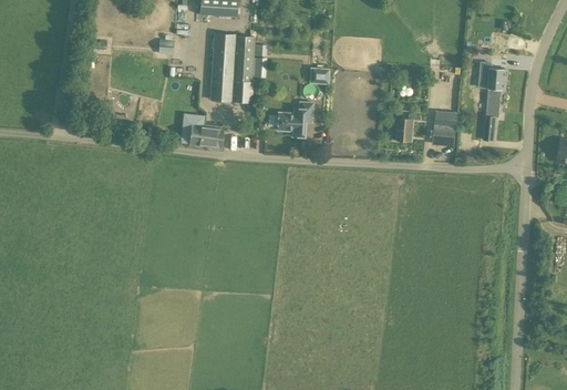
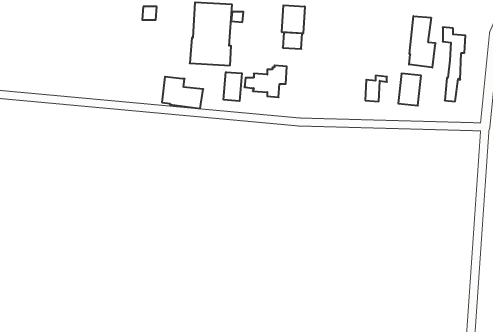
building: none -> [282,5,305,33]
building: none -> [409,16,435,68]
building: none -> [224,72,242,101]

